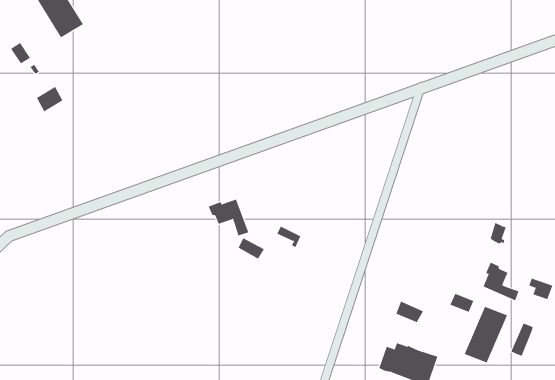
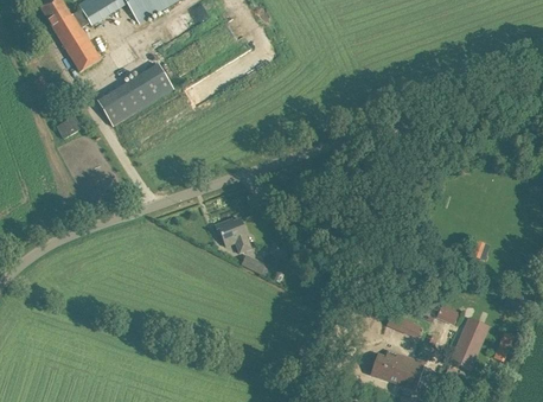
building: none -> [97,63,173,126]
building: [483,262,519,301] -> none

